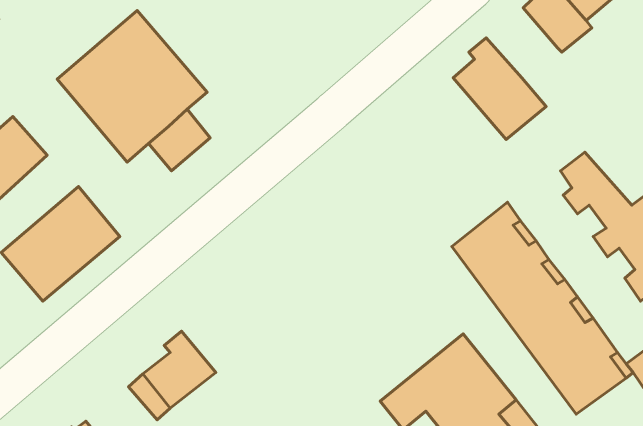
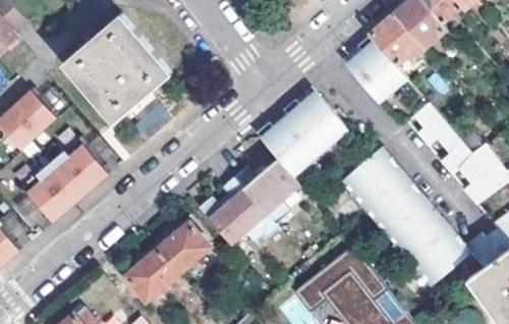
building: none -> [369,13,419,63]
building: none -> [259,90,351,178]
building: none -> [195,160,295,247]
building: none -> [152,223,208,273]

